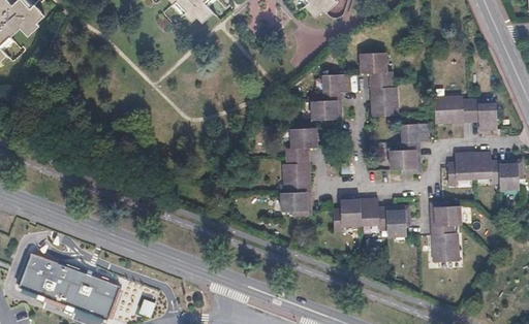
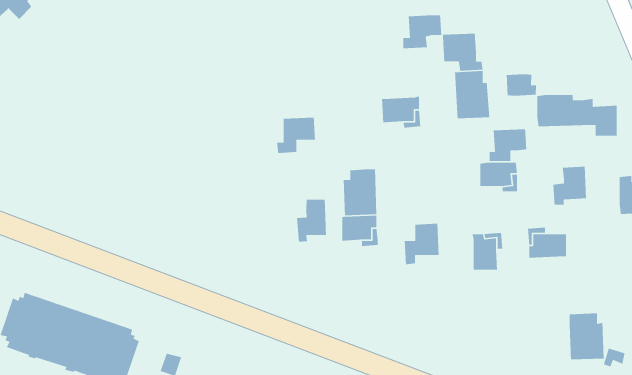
building: [319,73,350,100] -> [402,15,442,49]
building: none -> [506,73,537,97]
building: [287,127,318,156] -> [276,117,316,154]
building: [472,153,498,183] -> none
building: none -> [296,199,327,243]
building: [357,197,384,229] -> none
building: [428,224,456,261] -> [569,313,605,360]

